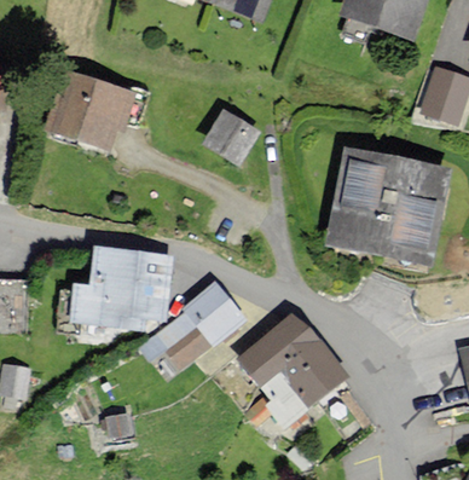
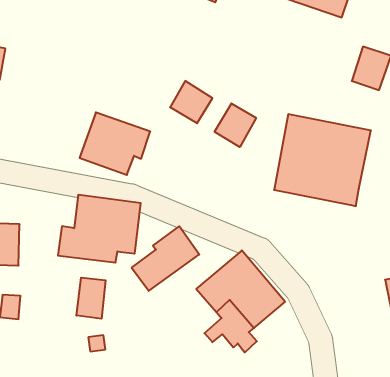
building: [50,71,134,146] -> [80,112,150,175]
building: none -> [215,103,256,147]
building: none -> [76,278,106,319]

